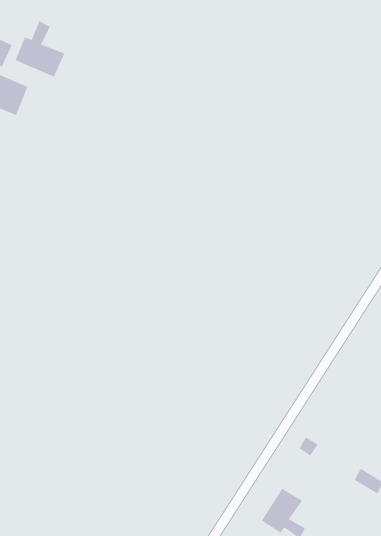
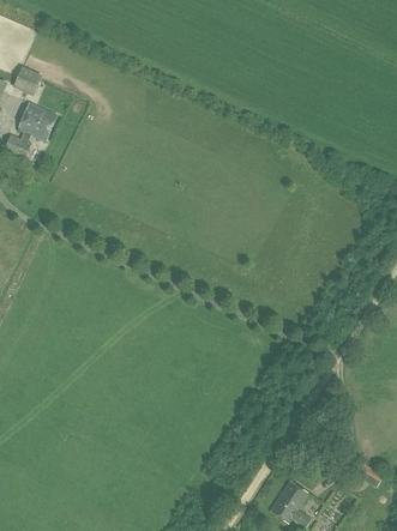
building: [15,20,65,78] -> none

